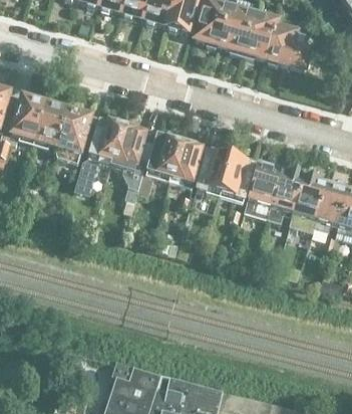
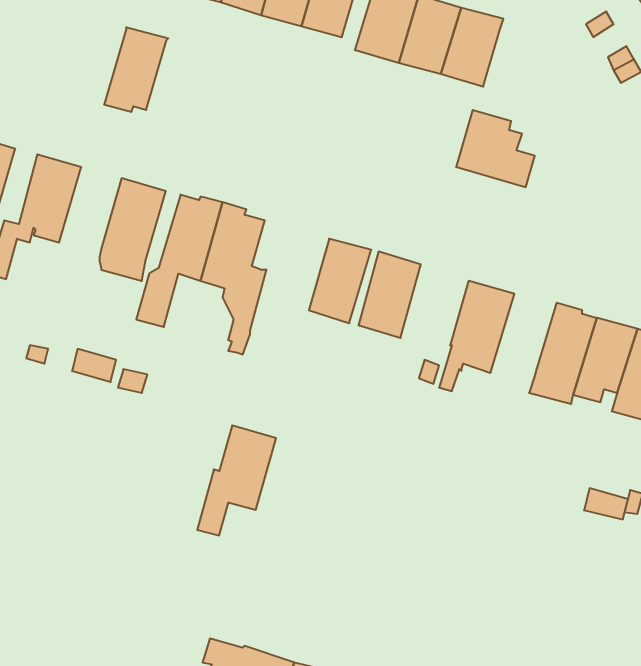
building: [265,27,308,69] -> [456,110,535,187]
building: [33,101,68,148] -> [104,27,168,112]
building: [137,135,181,195] -> [197,425,276,535]
building: [220,156,254,203] -> none
building: [268,172,305,223] -> none

